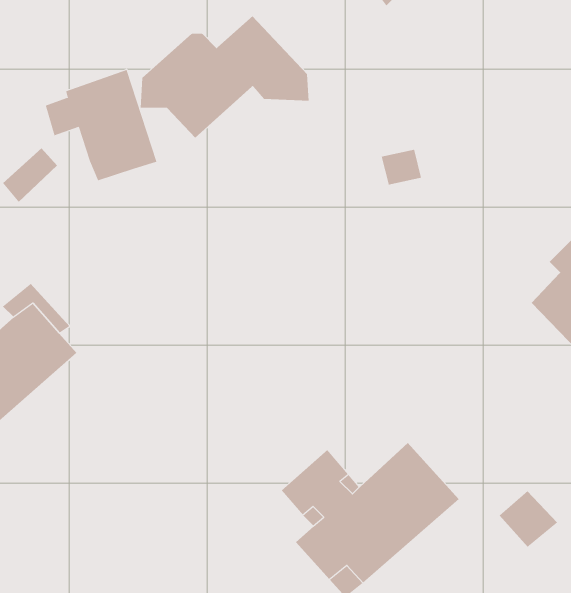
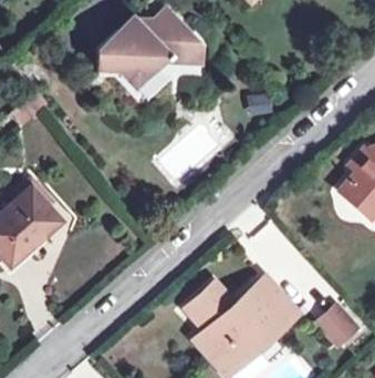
building: [45,69,157,181] -> none

